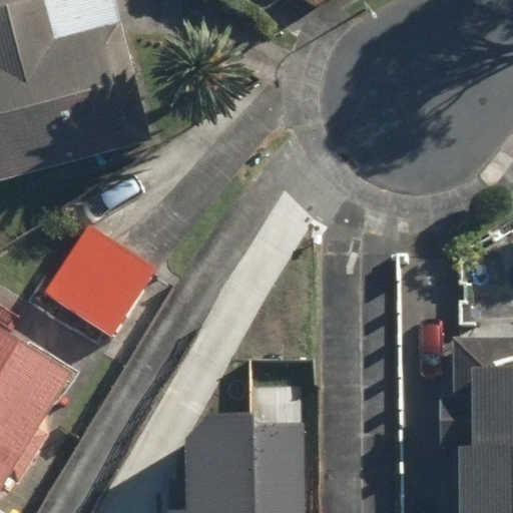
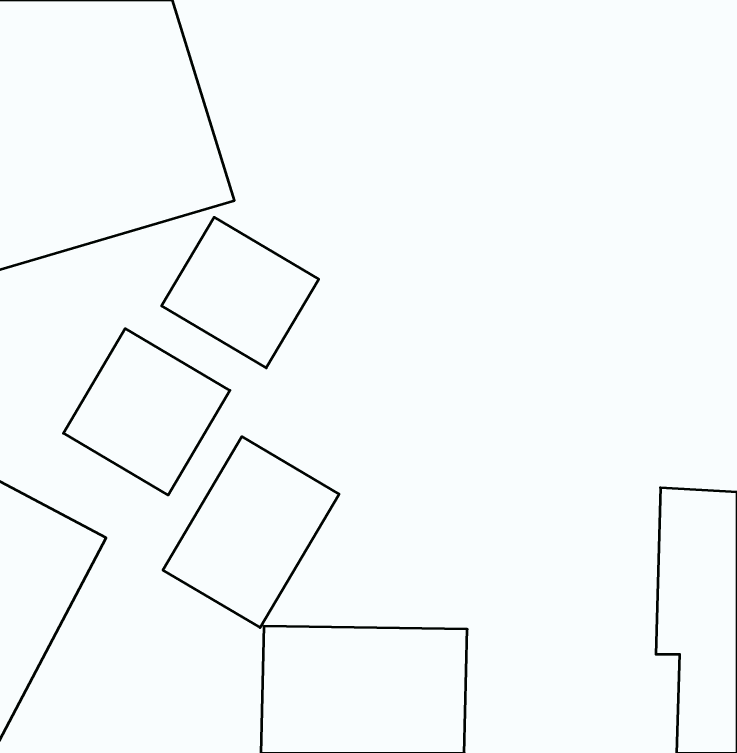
building: none -> [162,217,319,368]
building: none -> [163,437,339,628]

